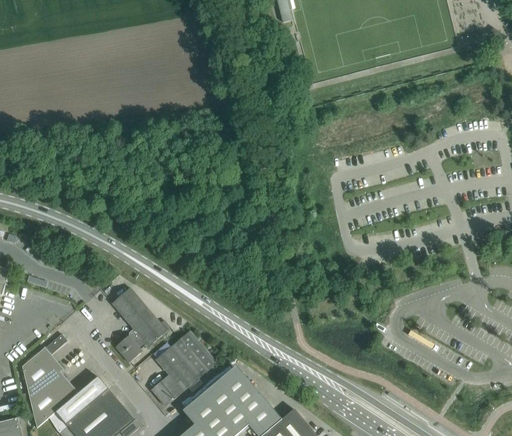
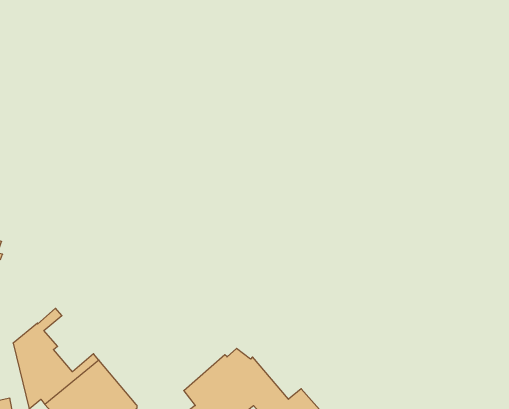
building: [112,289,170,363] -> none
building: [151,332,216,407] -> none

